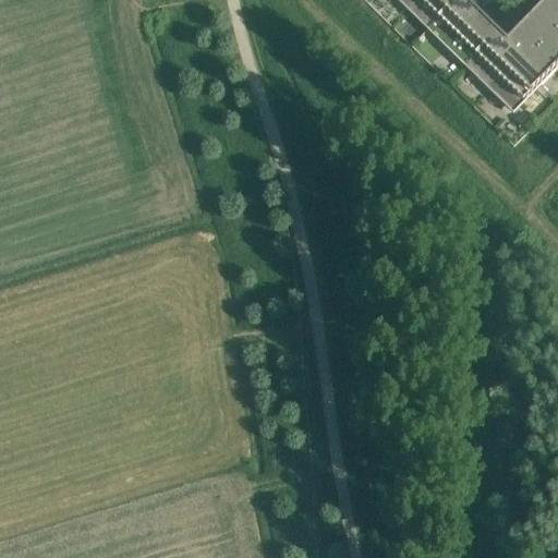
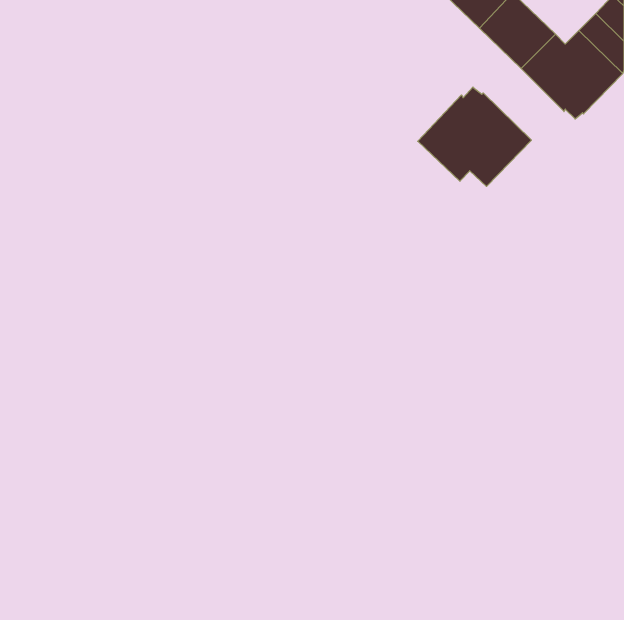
building: none -> [418,87,531,186]

